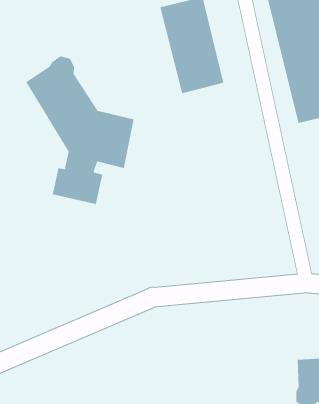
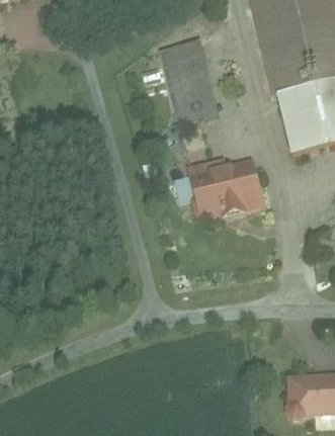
building: [26,55,134,205] -> none
building: none -> [185,157,262,221]

